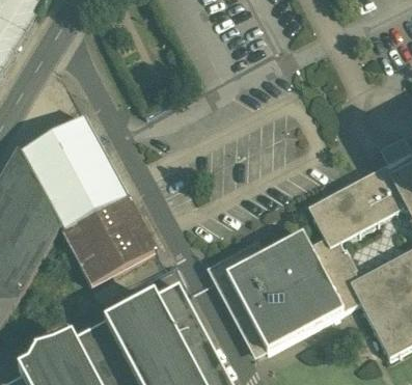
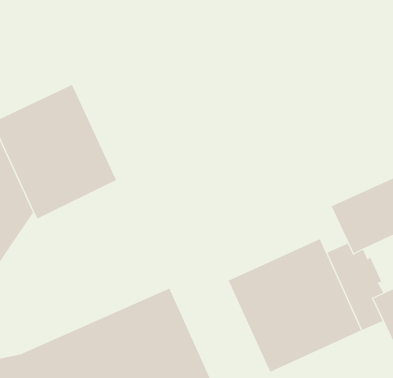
building: [59,195,153,284] -> none

